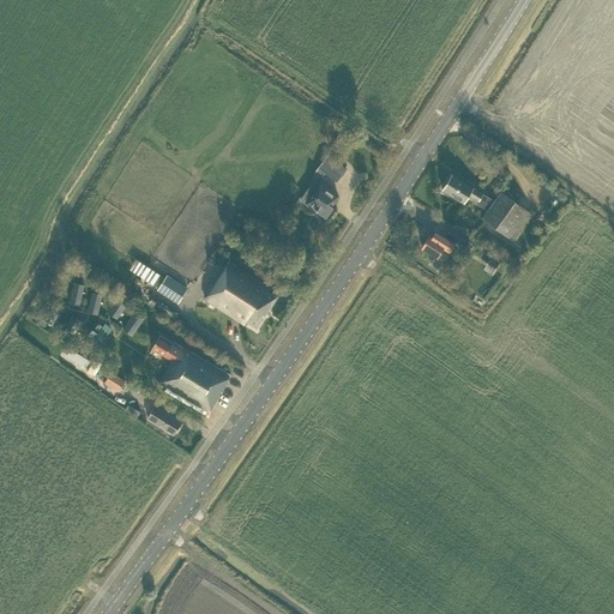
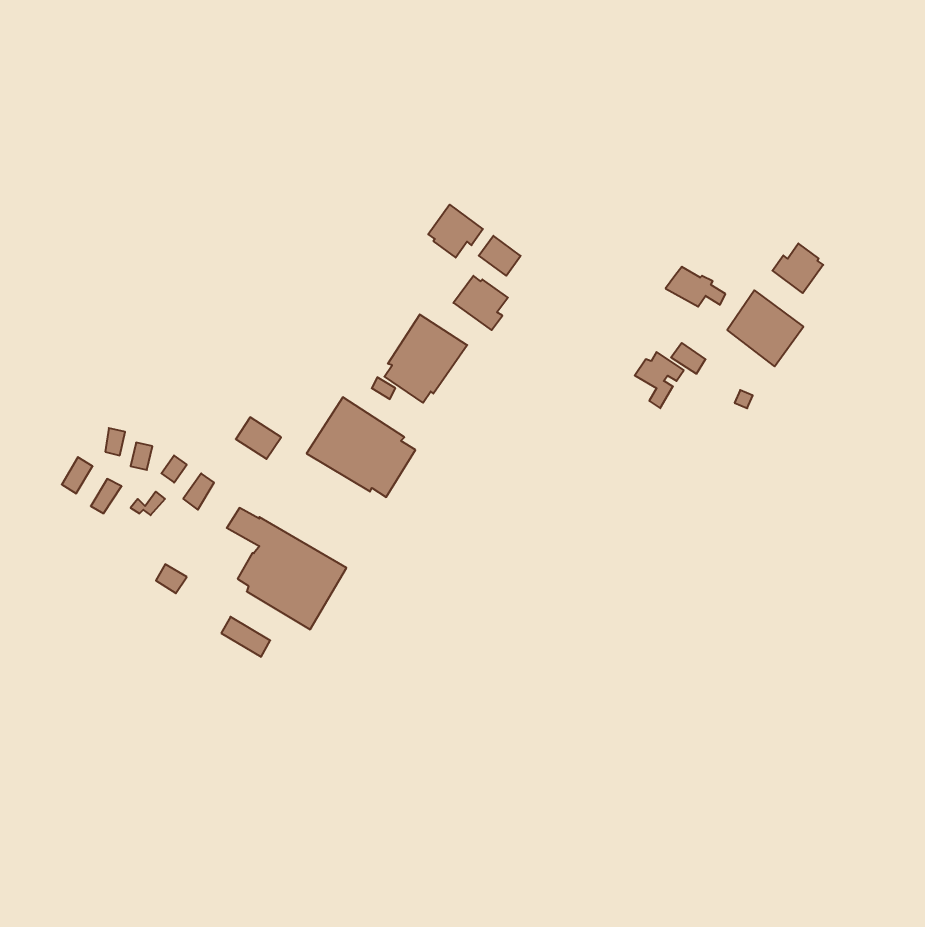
building: none -> [428,205,483,258]
building: none -> [772,243,823,293]
building: none -> [384,314,467,403]

